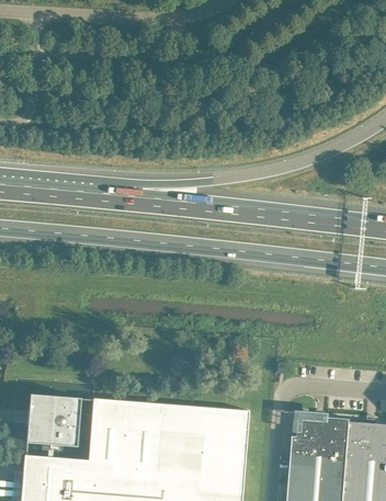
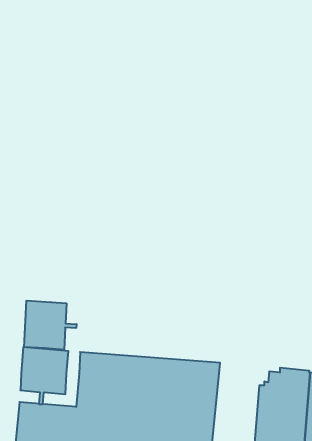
building: none -> [24,301,77,350]

